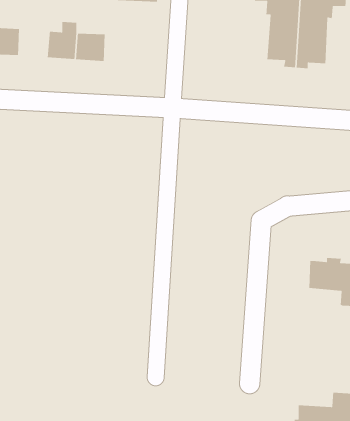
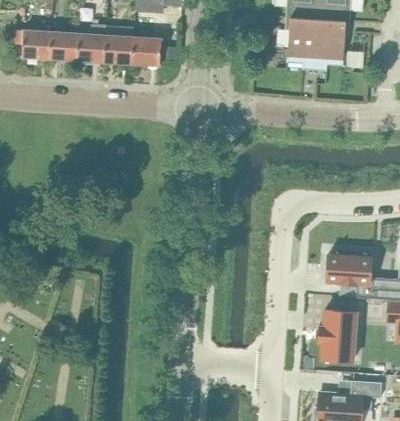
building: none -> [50,32,79,60]
building: none -> [132,37,162,65]
building: none -> [317,309,355,360]

